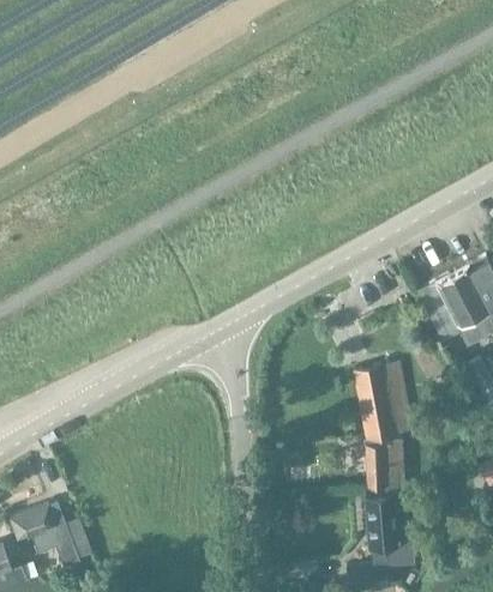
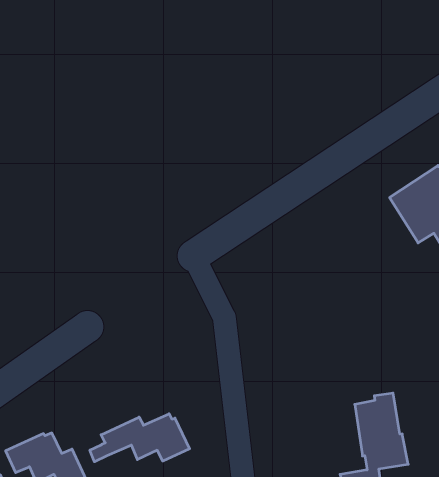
building: [354,363,413,489] -> none
building: none -> [90,414,190,462]

